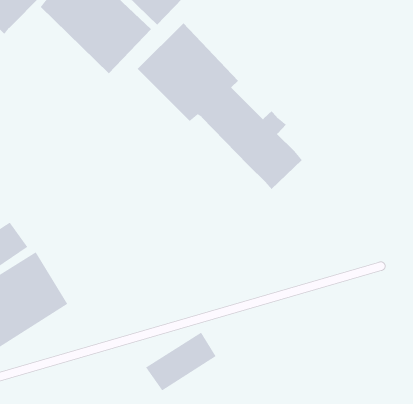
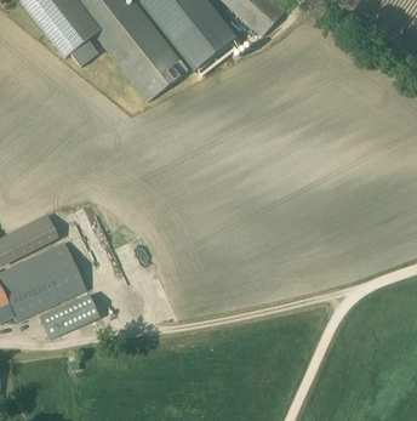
building: [137,23,303,190] -> none
building: [145,332,216,391] -> [39,295,99,340]

